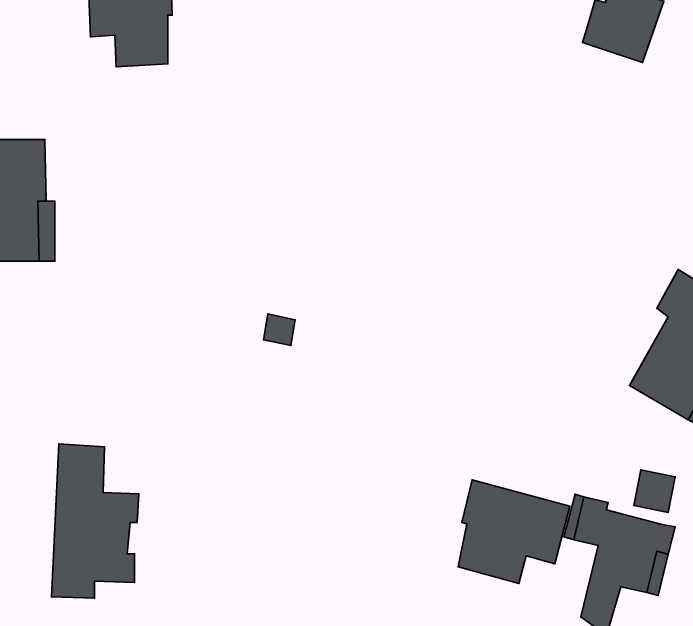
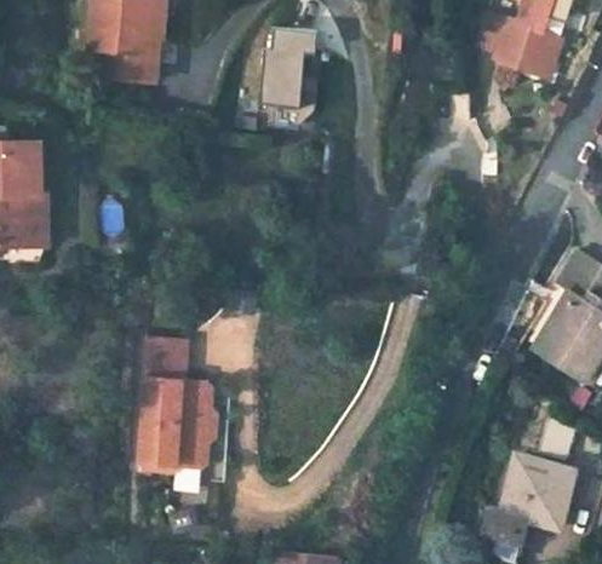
building: none -> [262,33,303,109]
building: [52,444,139,598] -> [141,338,214,468]
building: [458,480,570,583] -> none

